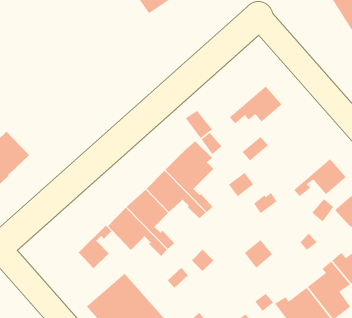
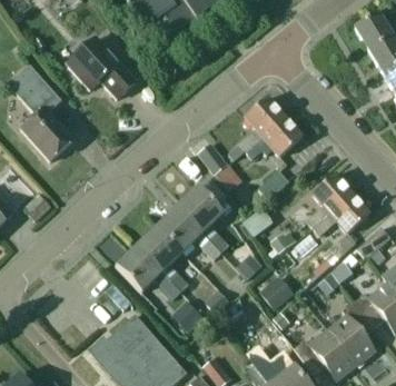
building: none -> [66,36,136,98]
building: none -> [8,63,72,160]
building: none -> [228,97,284,159]
building: none -> [306,174,352,227]
building: [78,225,112,269] -> none

